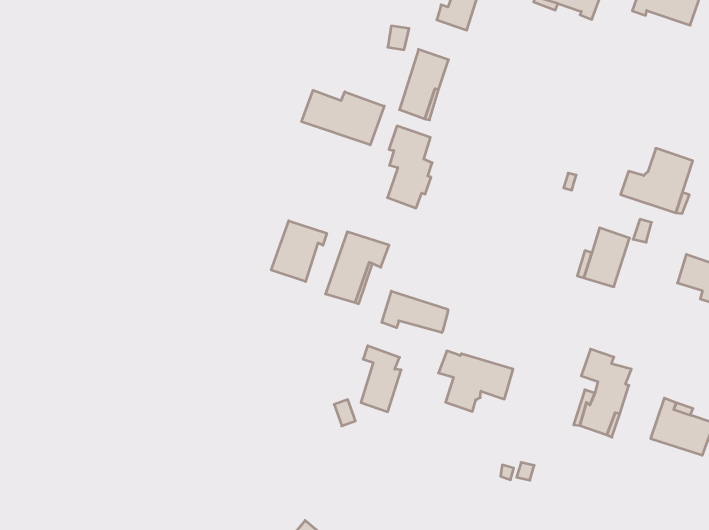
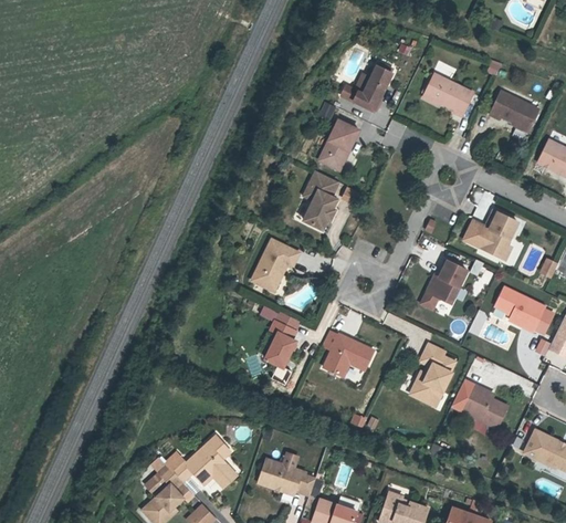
building: [302,90,384,145] -> none
building: [271,221,327,282] -> none
building: [382,291,448,333] -> none

